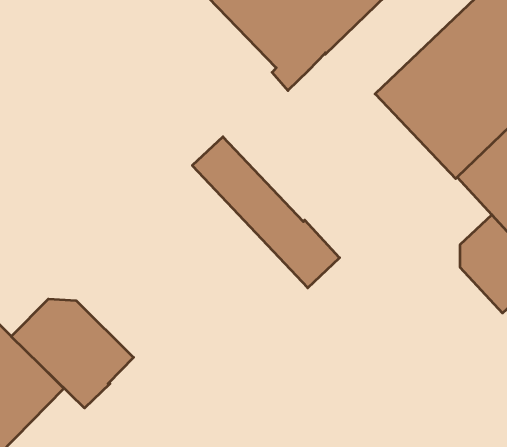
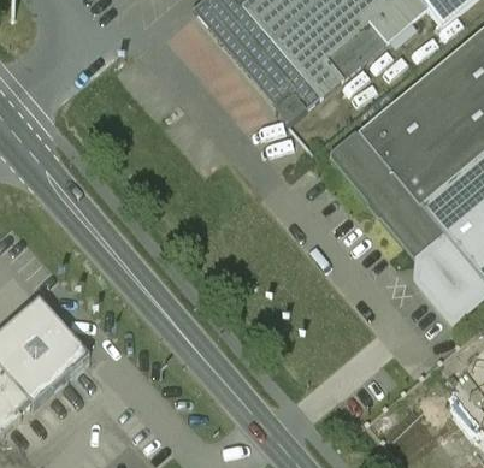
building: [192,137,340,288] -> [332,131,448,259]
building: [11,299,134,408] -> none

